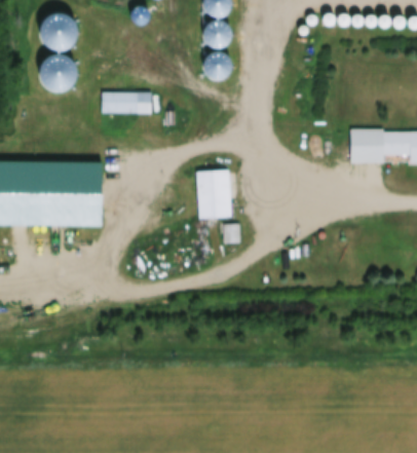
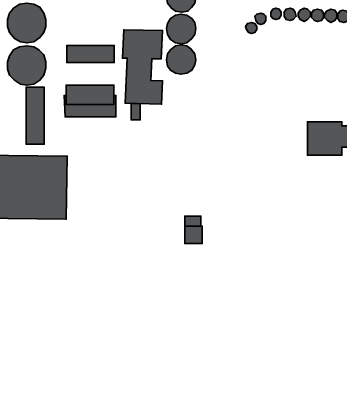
building: none -> [122,30,162,104]
building: none -> [67,45,114,62]
building: none -> [26,87,44,144]
building: [194,169,230,218] -> none

